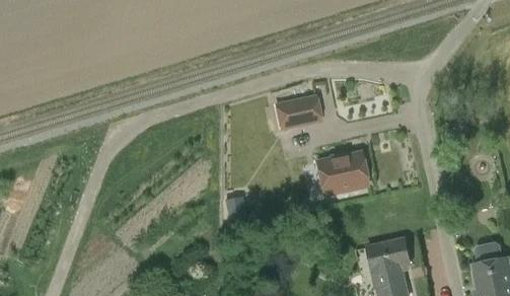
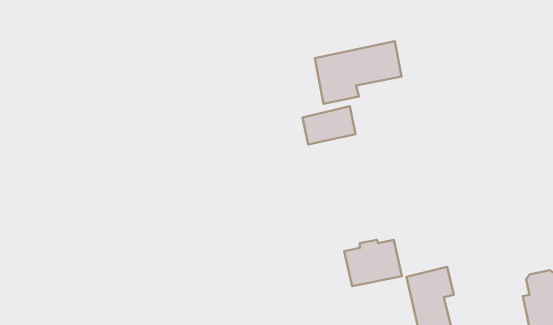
building: none -> [315,41,401,104]
building: [314,154,366,196] -> [344,240,402,286]

